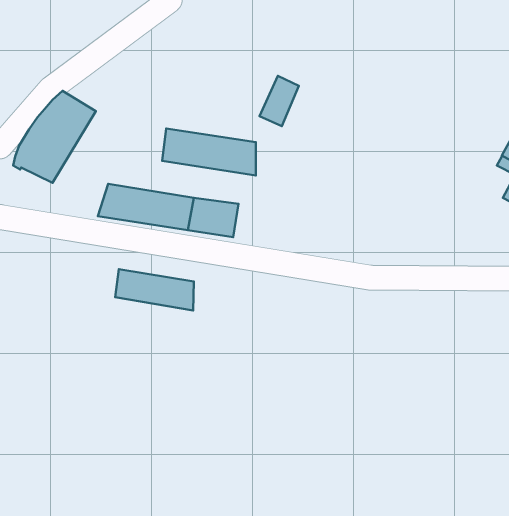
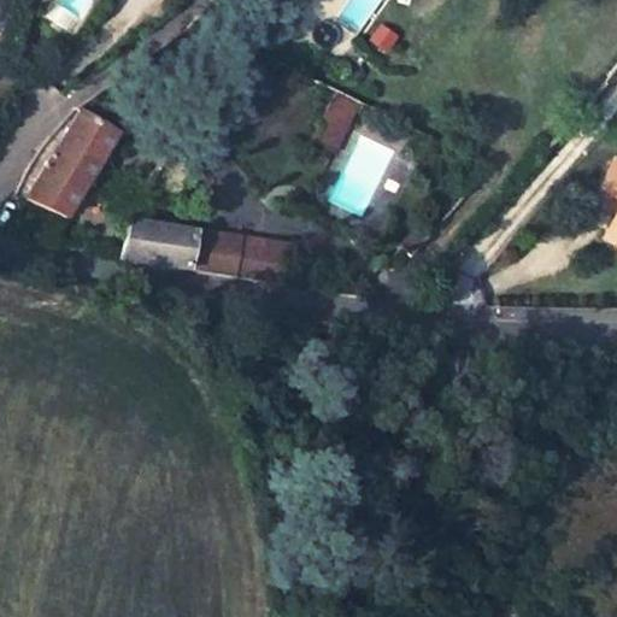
building: [162,128,256,176] -> none
building: [115,269,194,311] -> none

